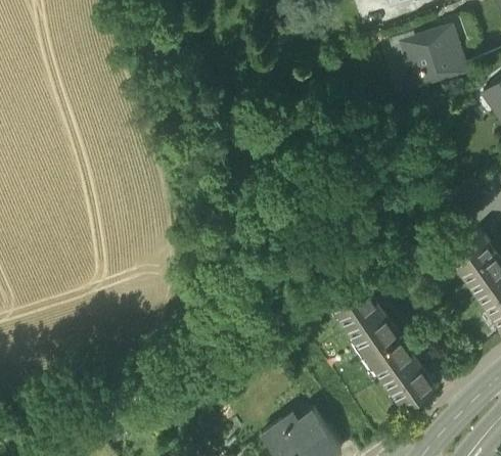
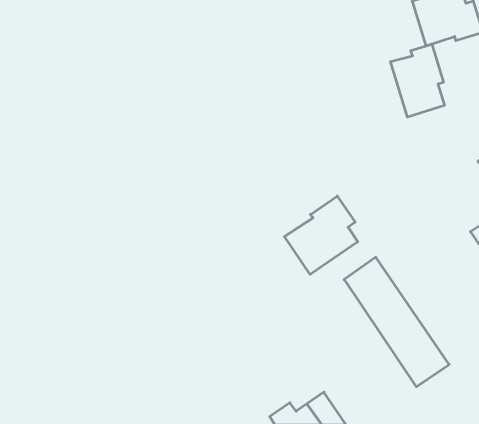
building: none -> [390,44,444,117]
building: none -> [284,196,358,274]

